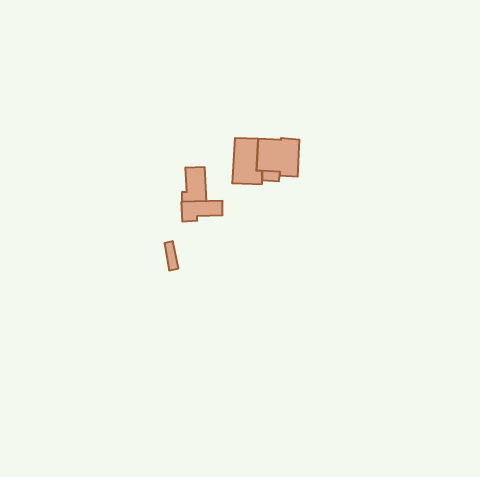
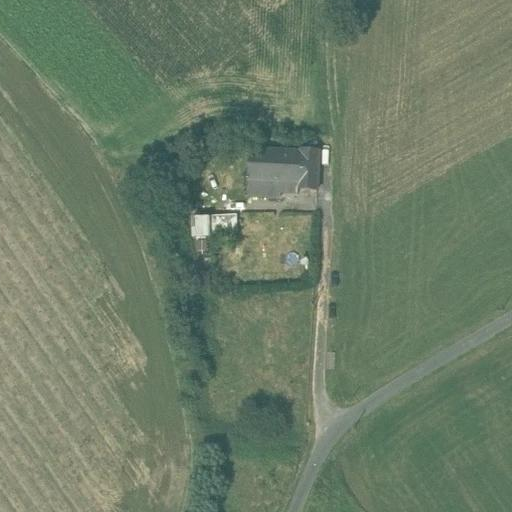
building: [182,167,206,202] -> none

